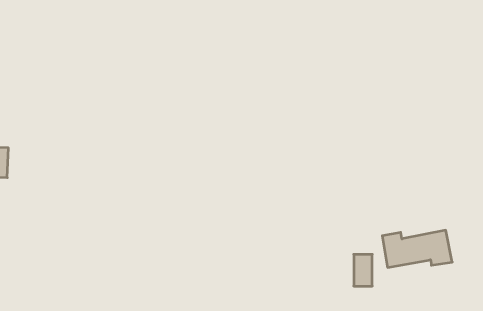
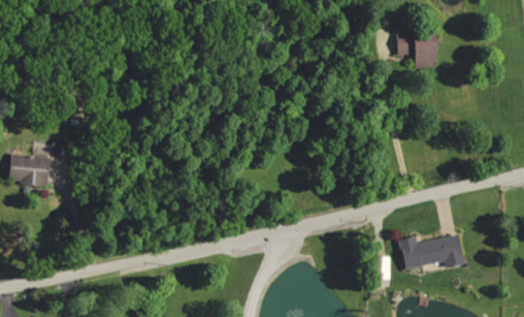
building: none -> [397,31,434,68]

